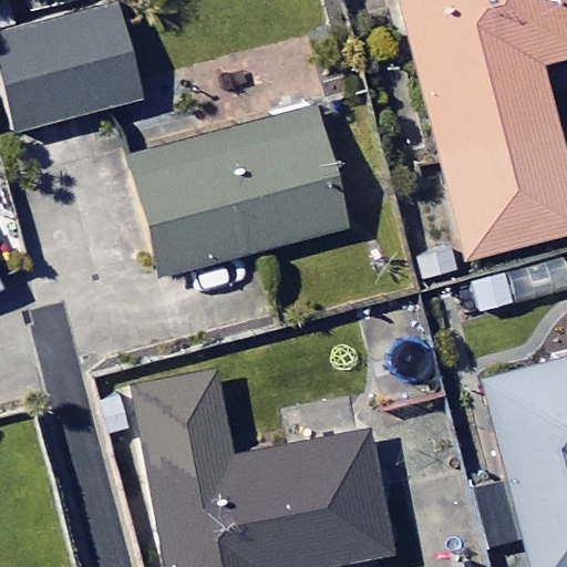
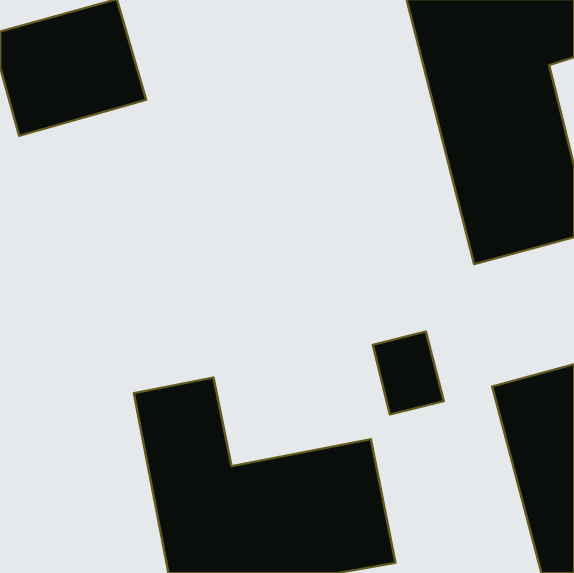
building: [132,109,347,275] -> none

